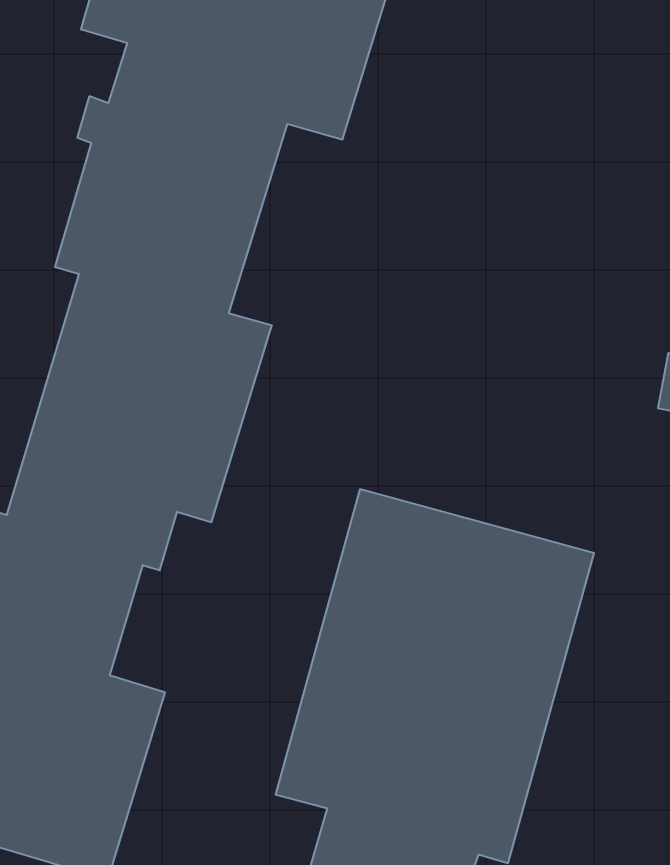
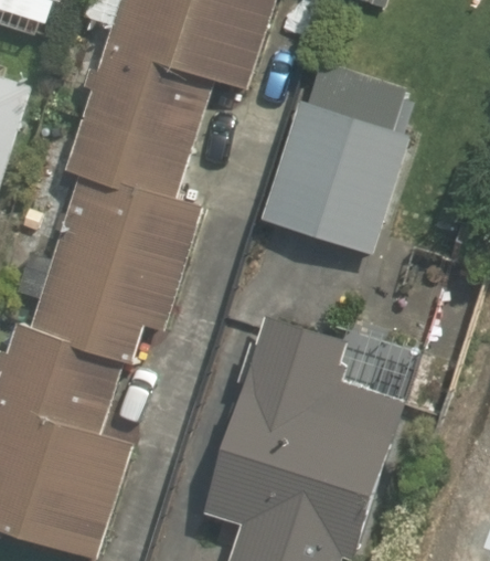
building: none -> [259,64,411,257]

